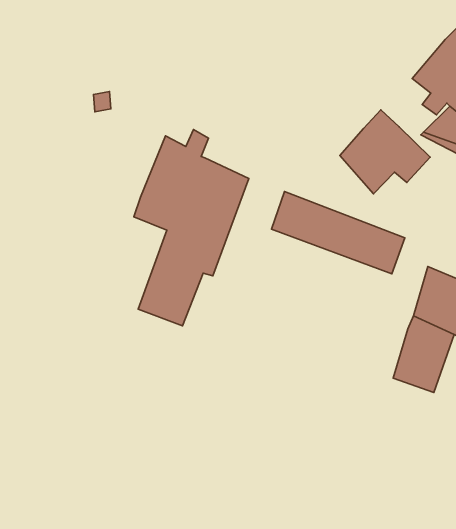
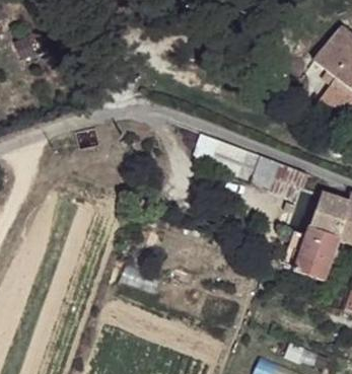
building: [340,110,430,194] -> none
building: [134,130,249,326] -> none

